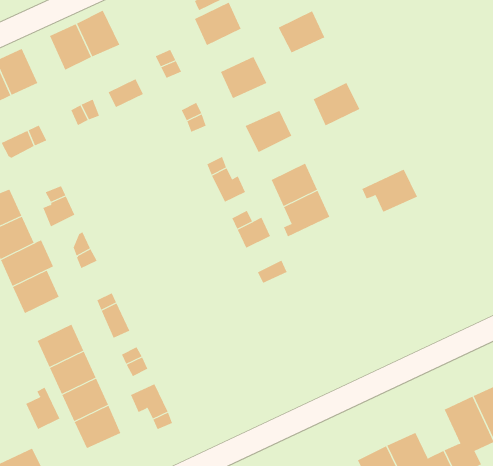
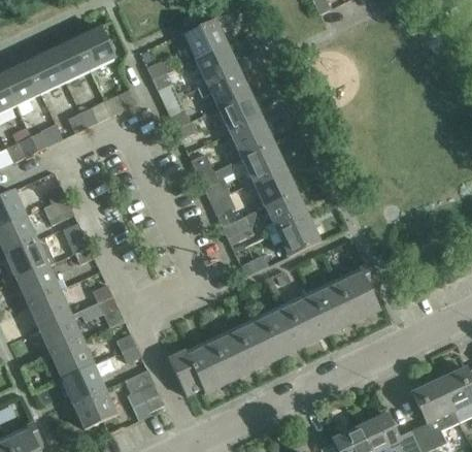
building: [278,11,325,53] -> [195,43,238,83]
building: none -> [26,50,65,93]
building: [313,82,360,126] -> [242,141,285,182]
building: none -> [218,93,262,132]
building: [362,169,418,213] -> [269,216,321,256]
building: none -> [168,269,380,395]
building: none -> [28,289,71,329]
building: [25,387,60,430] -> none

